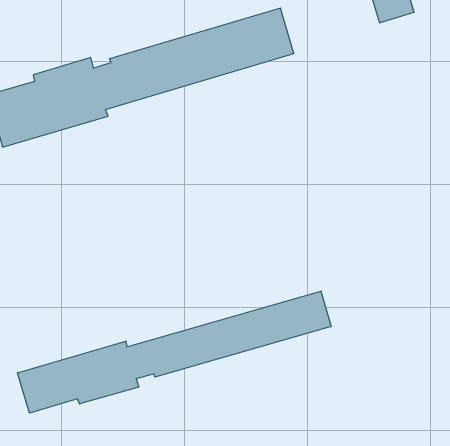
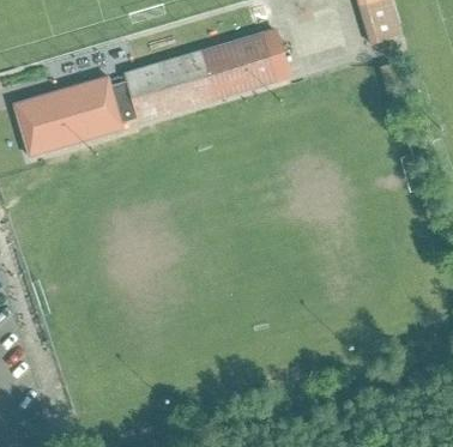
building: [17,291,331,413] -> none

